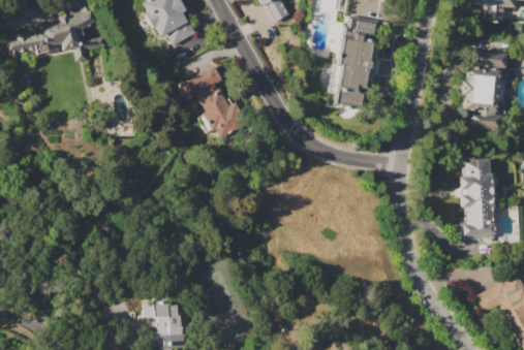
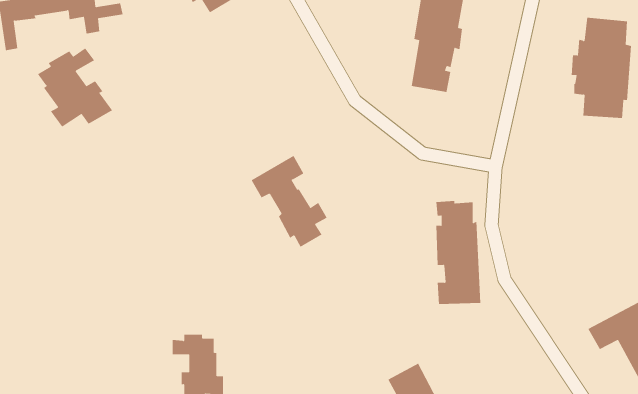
building: [182,65,243,138] -> [251,155,328,248]
building: none -> [37,47,113,128]
building: [459,157,495,240] -> [436,200,481,304]

